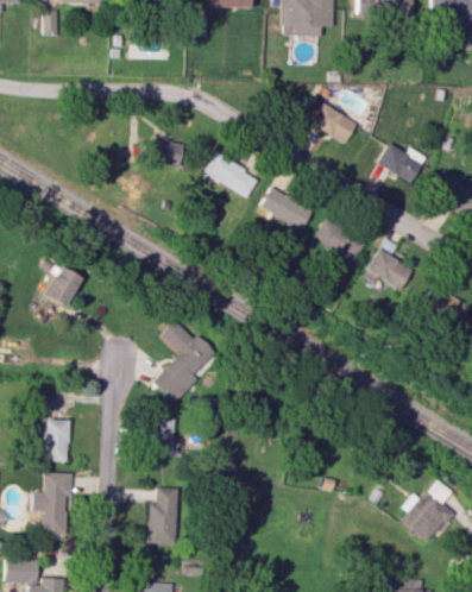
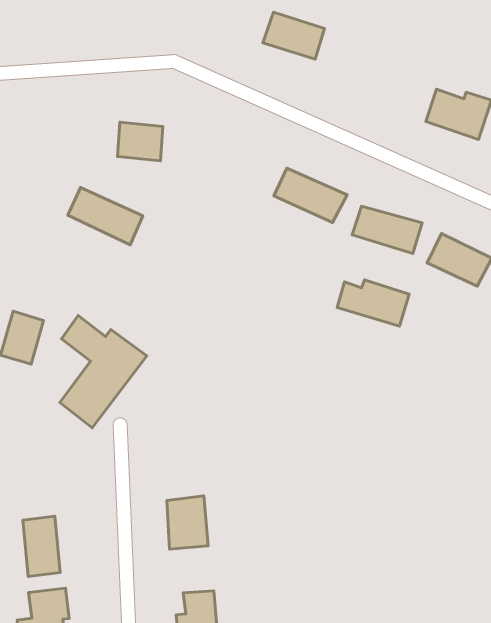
building: [310,103,357,141] -> [263,12,324,59]
building: [203,151,258,197] -> [68,188,143,245]
building: none -> [337,280,409,326]
building: [155,319,222,402] -> [60,316,147,428]

